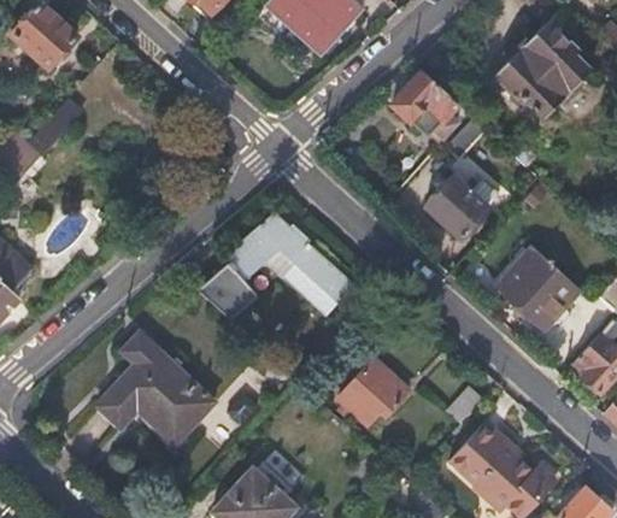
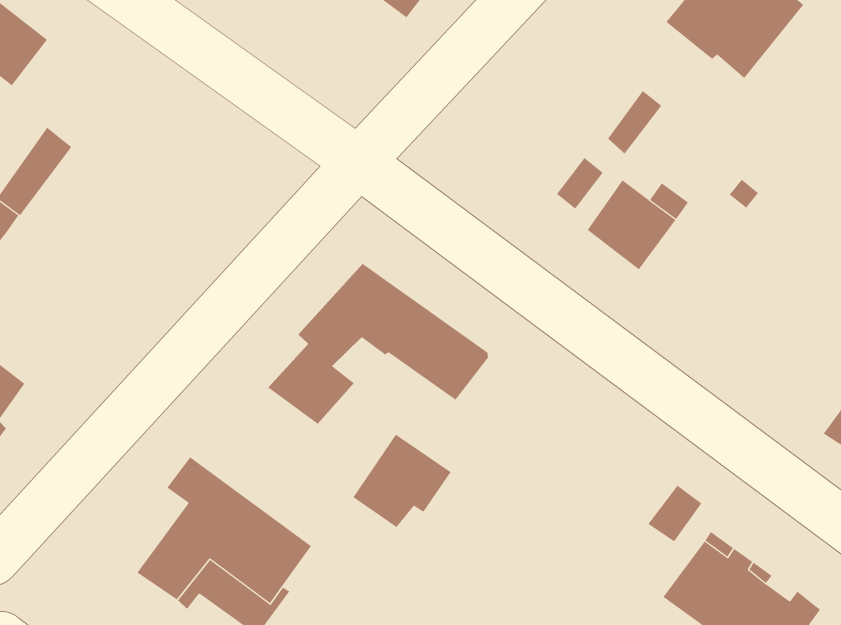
building: [381,61,460,139] -> none
building: [499,248,578,329] -> none
building: [339,359,407,423] -> [353,434,451,528]

